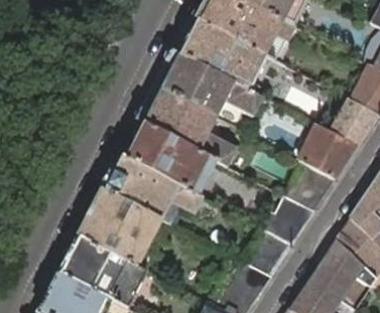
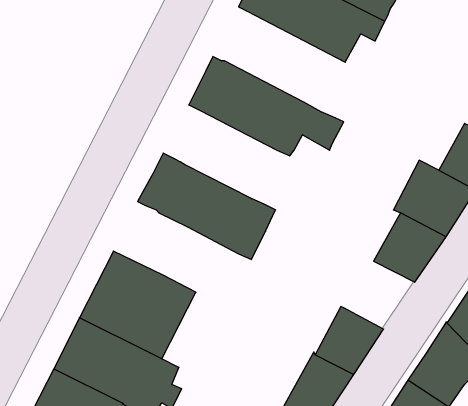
building: [170,18,264,94] -> none
building: [135,85,238,166] -> none
building: [100,153,203,223] -> none
building: [263,195,313,244] -> none

